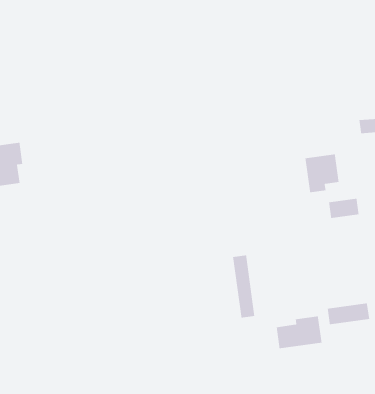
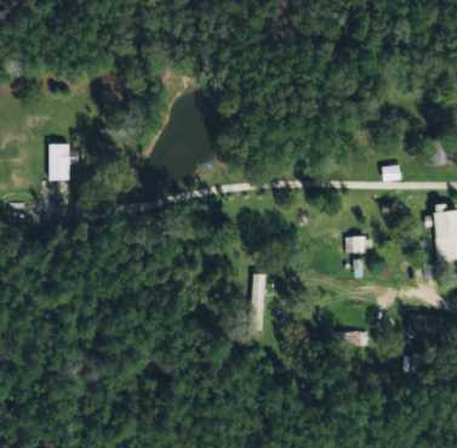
building: [305,154,340,193] -> none
building: [276,316,322,349] -> none

